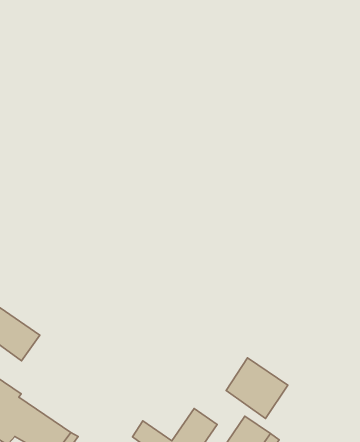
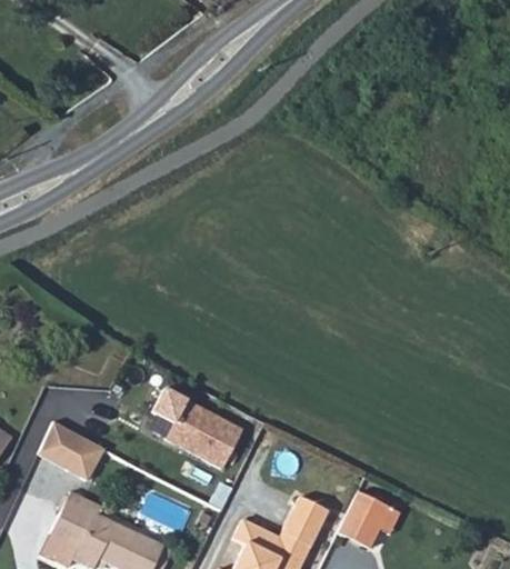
building: none -> [166,401,240,471]
building: [226,358,288,418] -> none

